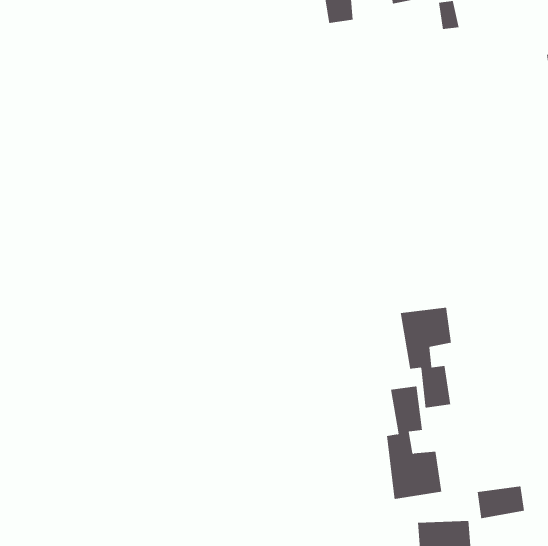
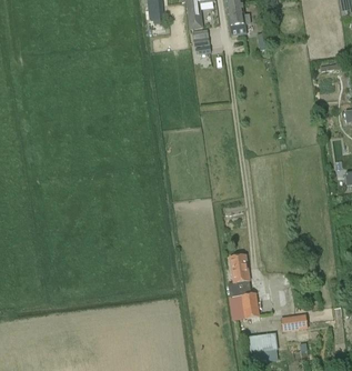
building: [400,307,452,409] -> none

